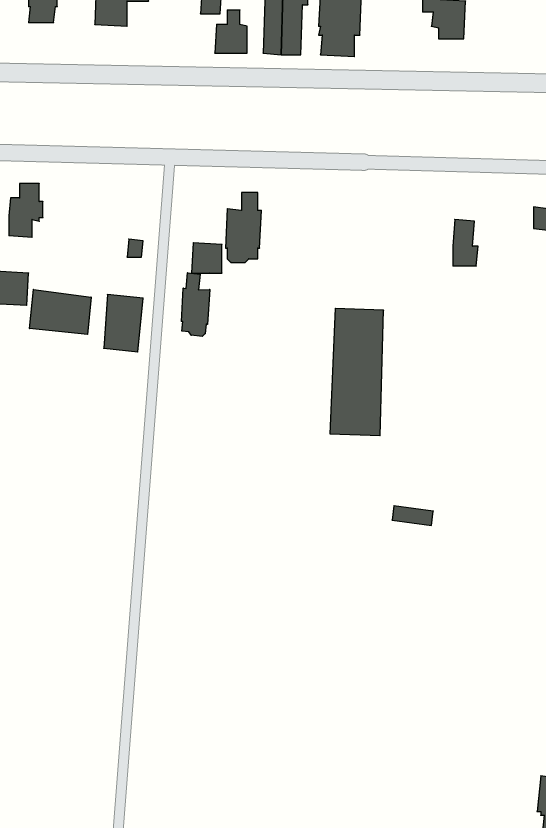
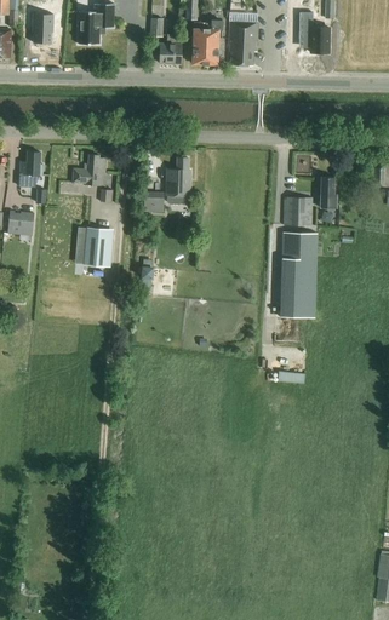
building: none -> [73,154,105,185]
building: none -> [284,196,311,225]
building: [181,273,210,336] -> none
building: [30,289,91,334] -> none
building: [330,308,384,436] -> [280,231,316,317]

